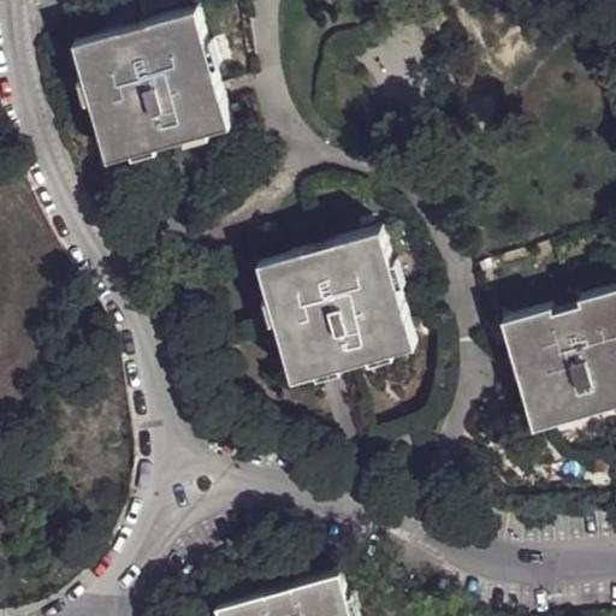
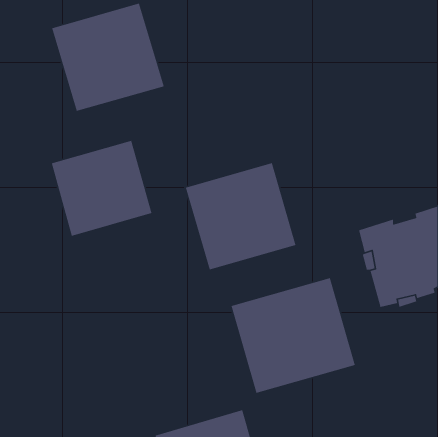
building: none -> [51,140,152,237]
building: none -> [230,277,356,394]

